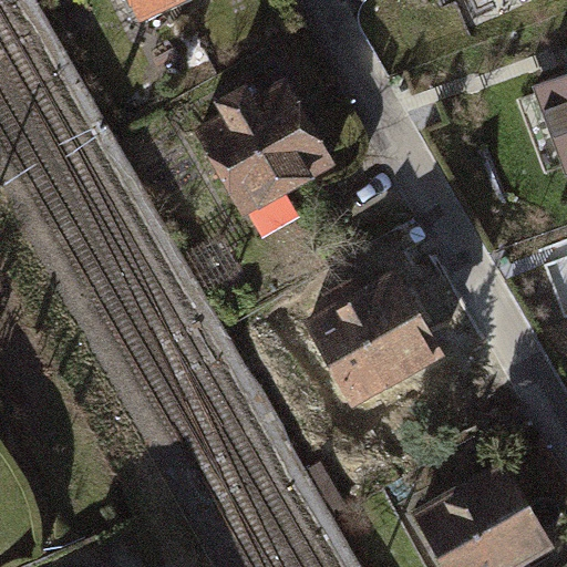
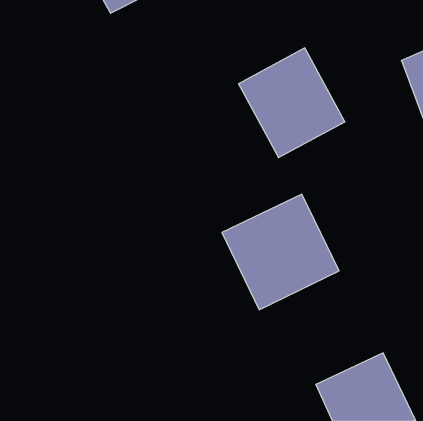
building: [195,82,337,228] -> [239,48,345,158]

